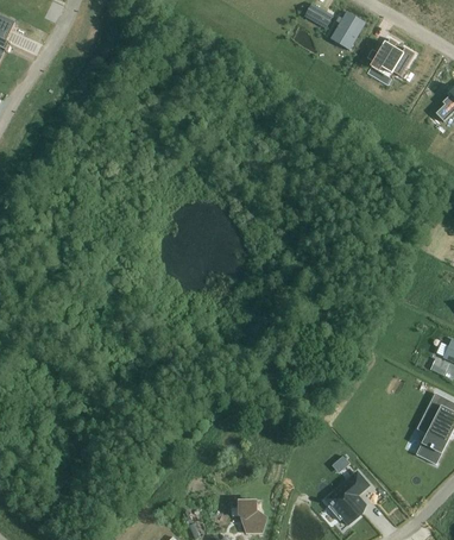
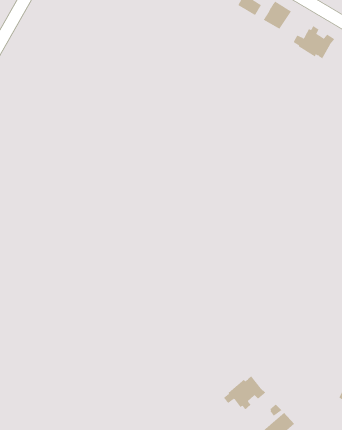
building: none -> [223,375,266,410]

